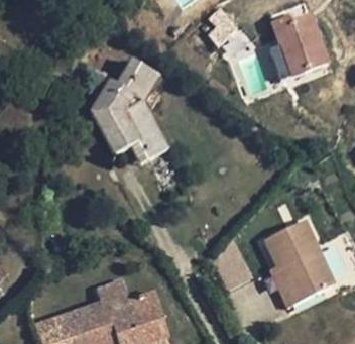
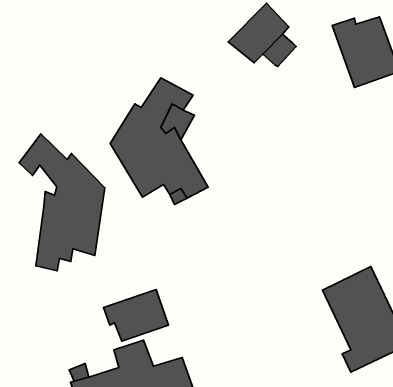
building: none -> [19,134,105,271]
building: none -> [103,289,168,341]

